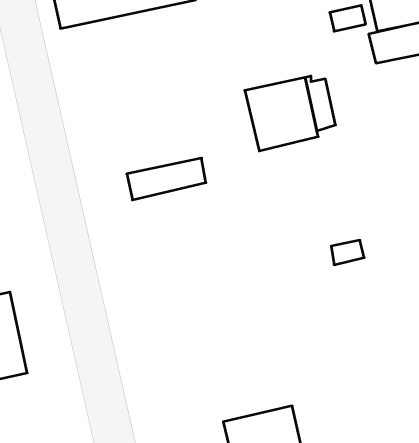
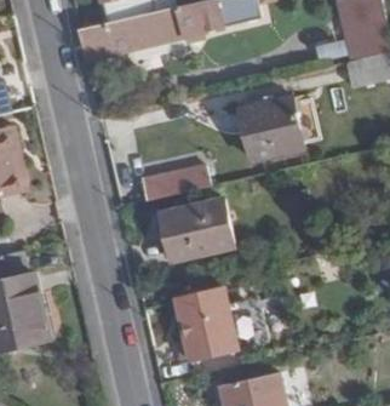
building: none -> [160,199,231,261]
building: none -> [174,287,237,359]

